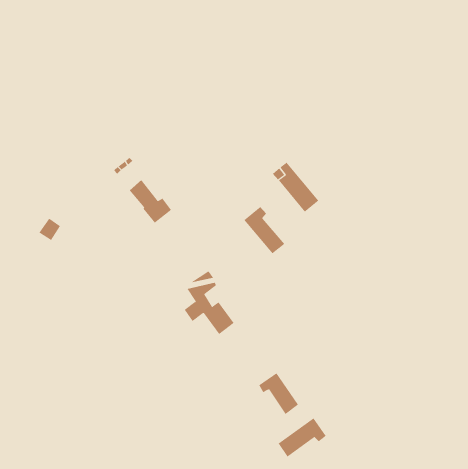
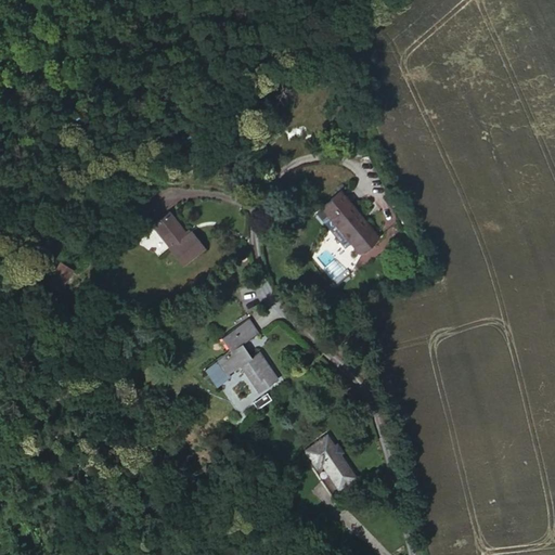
building: [244,206,285,254] -> none
building: [278,418,327,458] -> none

